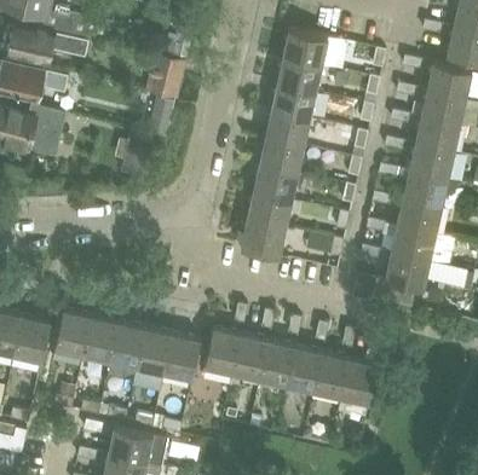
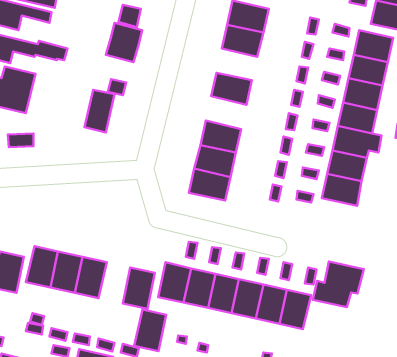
building: [270,85,316,121] -> none
building: [258,139,304,176] -> none
building: [372,255,430,307] -> [313,262,364,307]
building: [136,328,172,375] -> [134,310,166,351]

